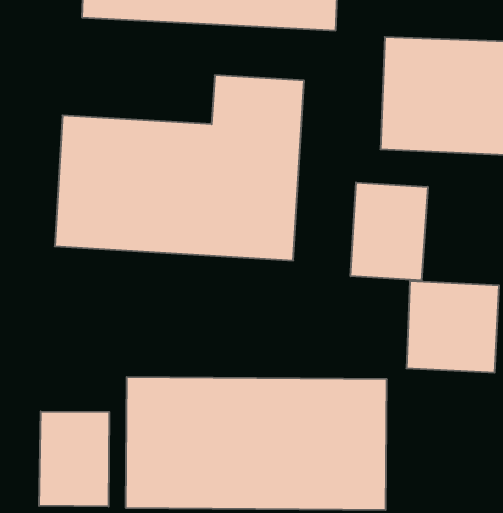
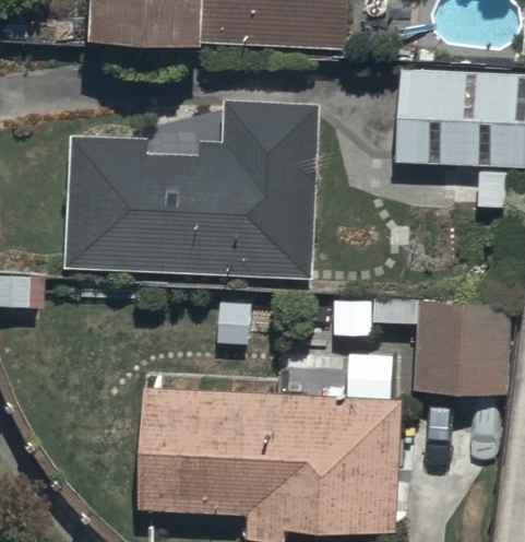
building: [351,182,428,280] -> none
building: [39,411,109,507] -> none

